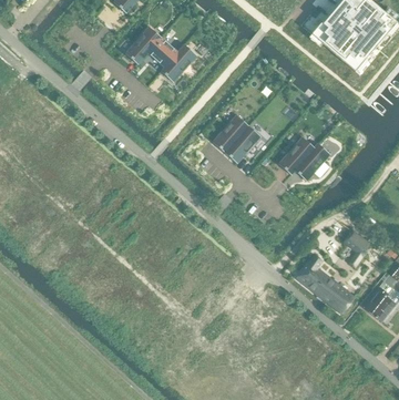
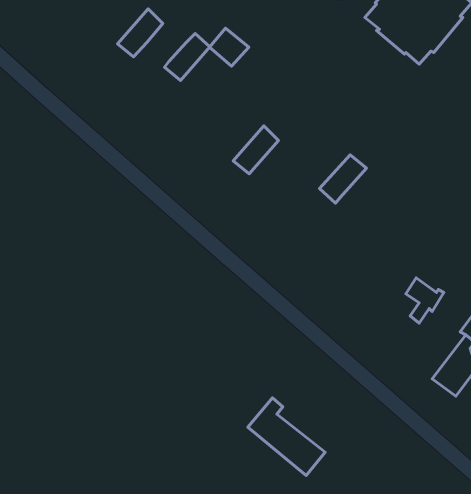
building: [147,38,177,66] -> [209,28,249,66]
building: [225,126,259,162] -> none
building: [294,144,329,180] -> none
building: [295,255,354,314] -> [248,398,325,475]

